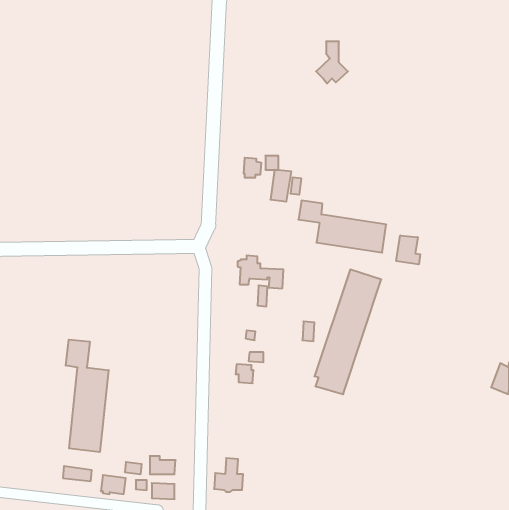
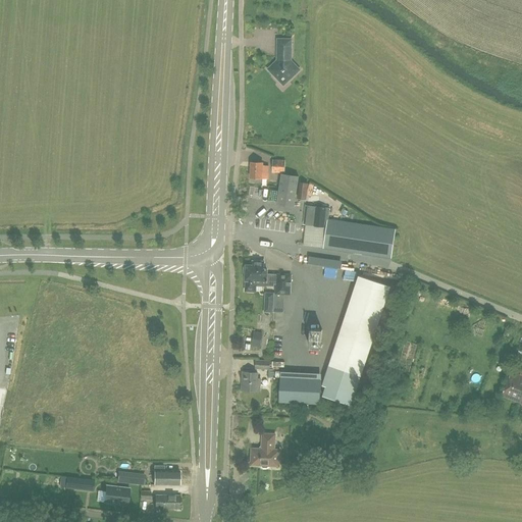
building: [316,41,348,83] -> [266,38,299,81]
building: [396,235,420,264] -> none
building: [66,340,109,452] -> none
building: none -> [278,371,320,404]
building: [214,458,243,492] -> [250,433,279,468]

